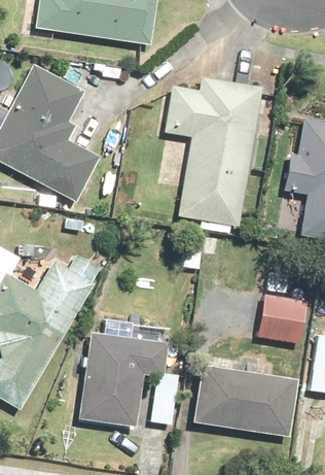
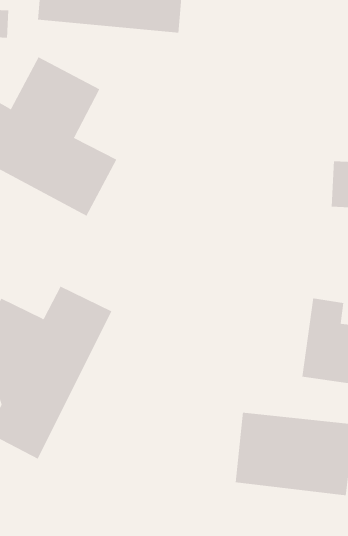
building: [164,79,261,234] -> none
building: [78,330,168,423] -> none

